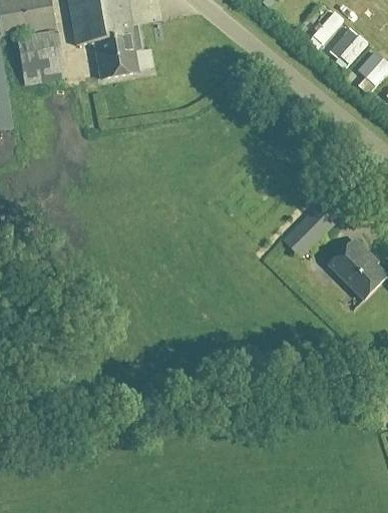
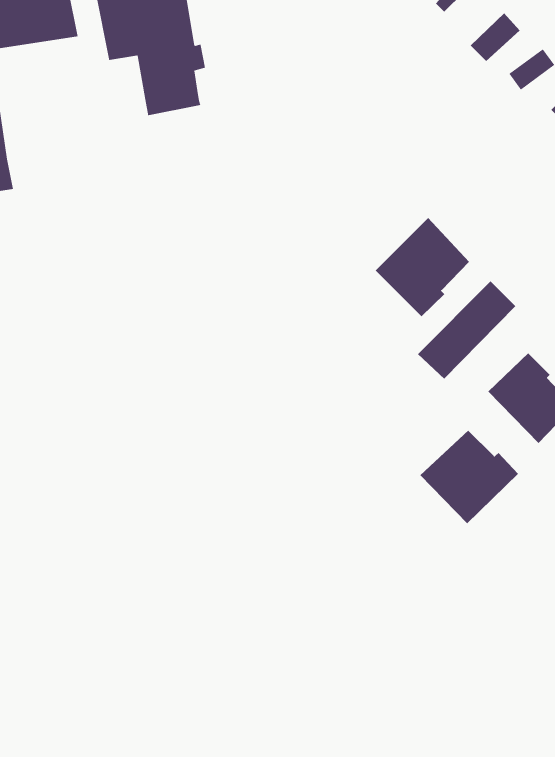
building: [14,28,64,82] -> none
building: none -> [375,217,470,317]
building: none -> [419,430,519,524]

